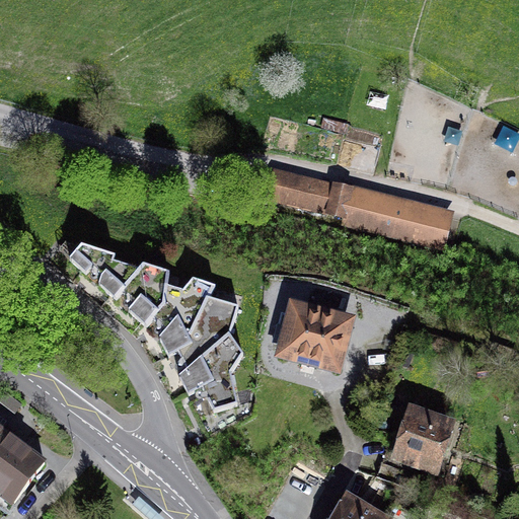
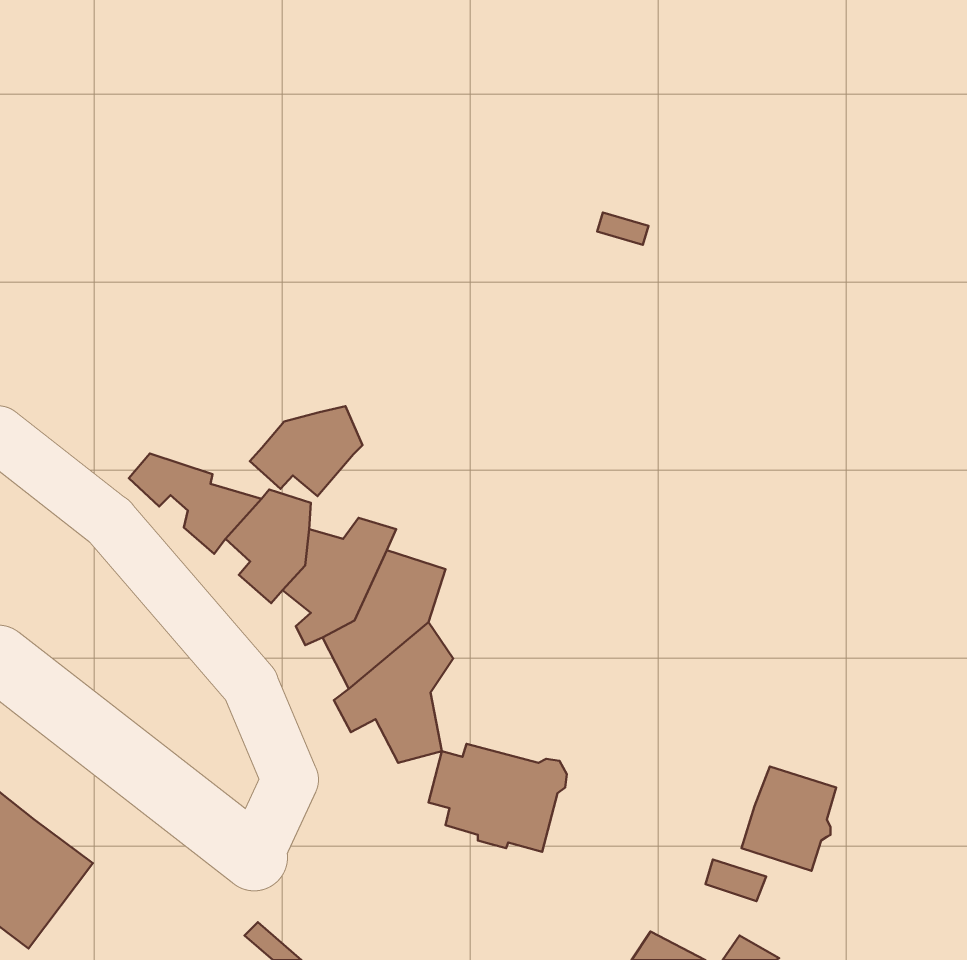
building: [267,168,446,243] -> none
building: none -> [250,406,362,496]
building: [274,306,348,364] -> [429,744,567,852]

